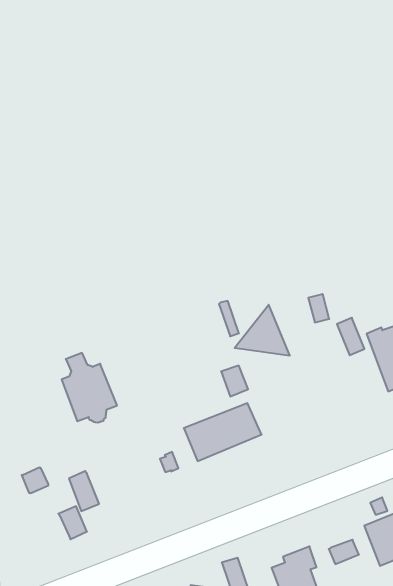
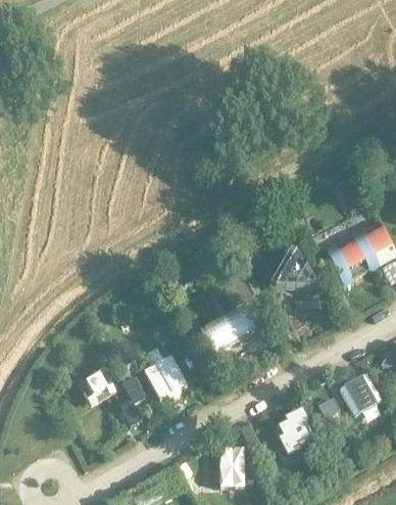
building: [235,305,290,355] -> [275,255,315,289]
building: [62,353,117,422] -> [144,348,187,398]

